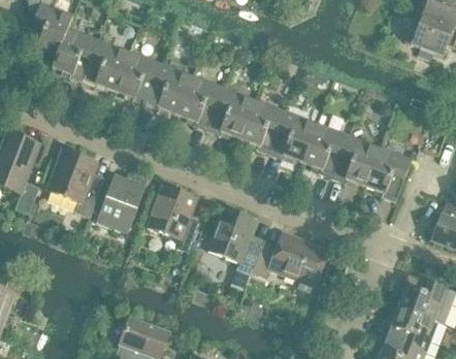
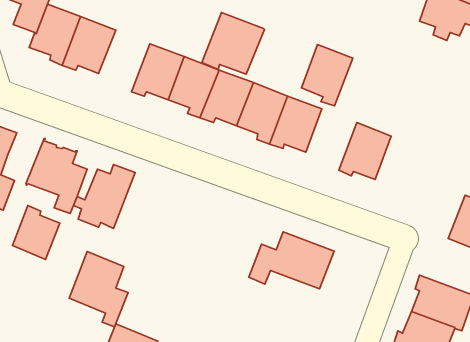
building: none -> [202,13,265,74]
building: [115,51,161,106] -> none
building: [302,122,349,177] -> [302,44,353,106]
building: [365,146,412,202] -> none
building: [146,184,200,252] -> [69,252,128,327]
building: [207,207,262,274] -> none
building: none -> [13,205,60,259]

